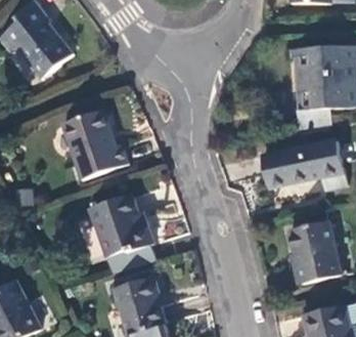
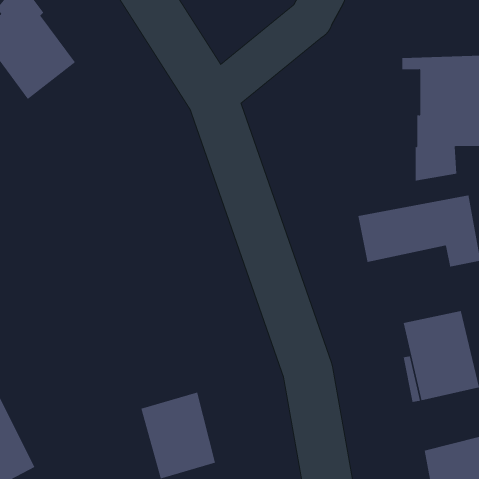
building: [62,106,127,176] -> none
building: [89,193,153,272] -> none

